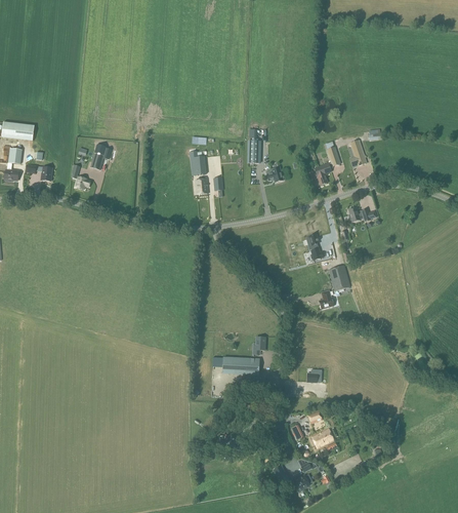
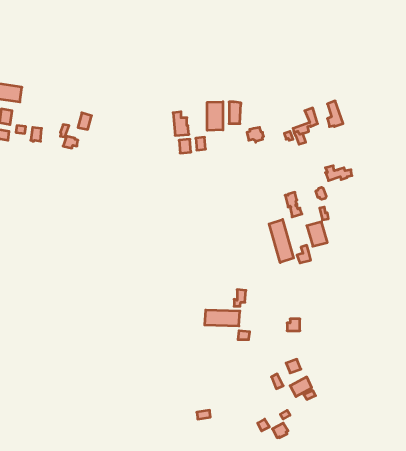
building: none -> [207,102,223,130]
building: none -> [269,219,294,263]

